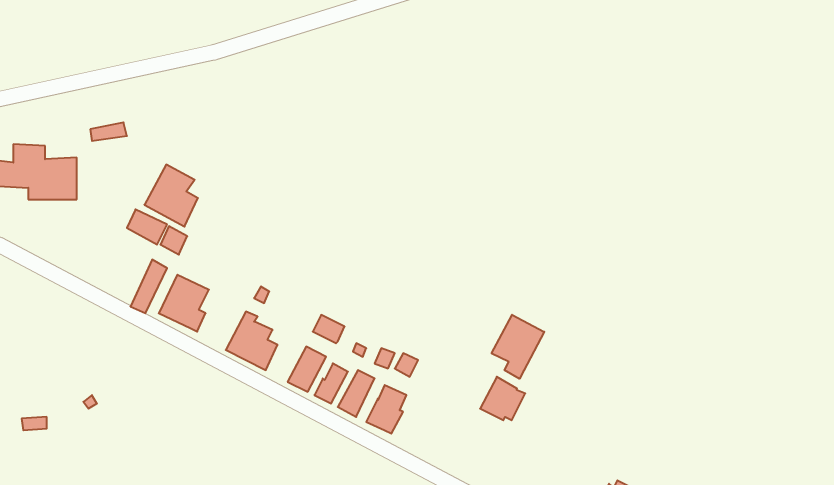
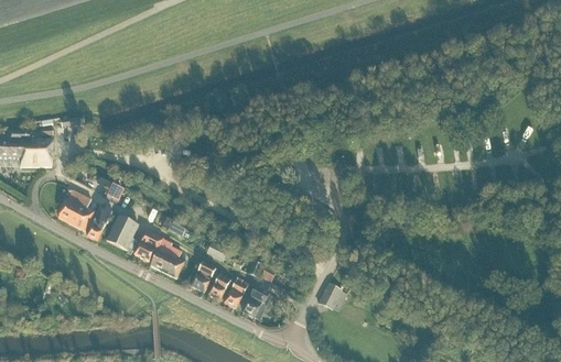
building: [144,165,198,227] -> [58,189,94,230]
building: none -> [133,229,163,261]
building: [492,315,544,379] -> none

